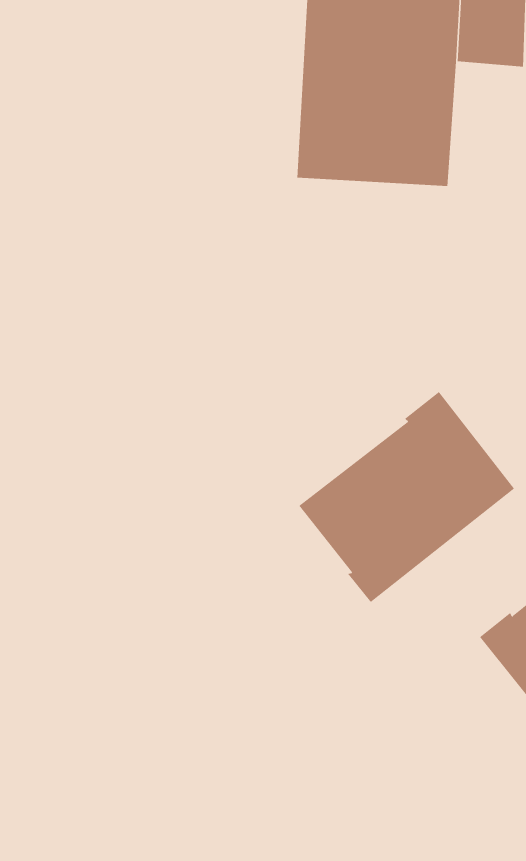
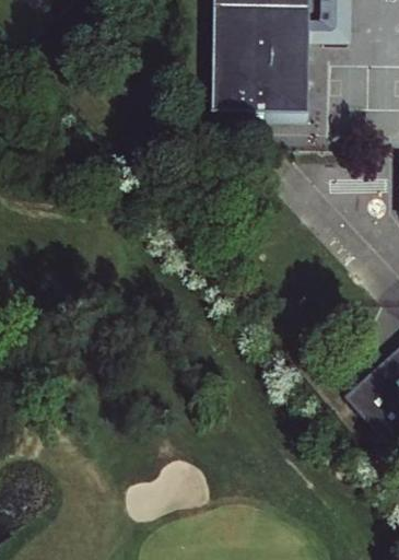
building: [298,391,515,603] -> none

